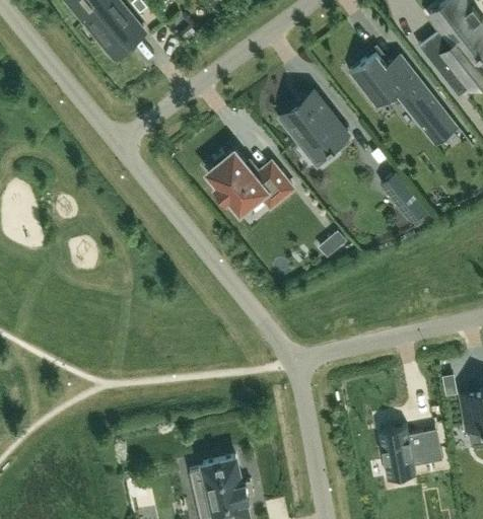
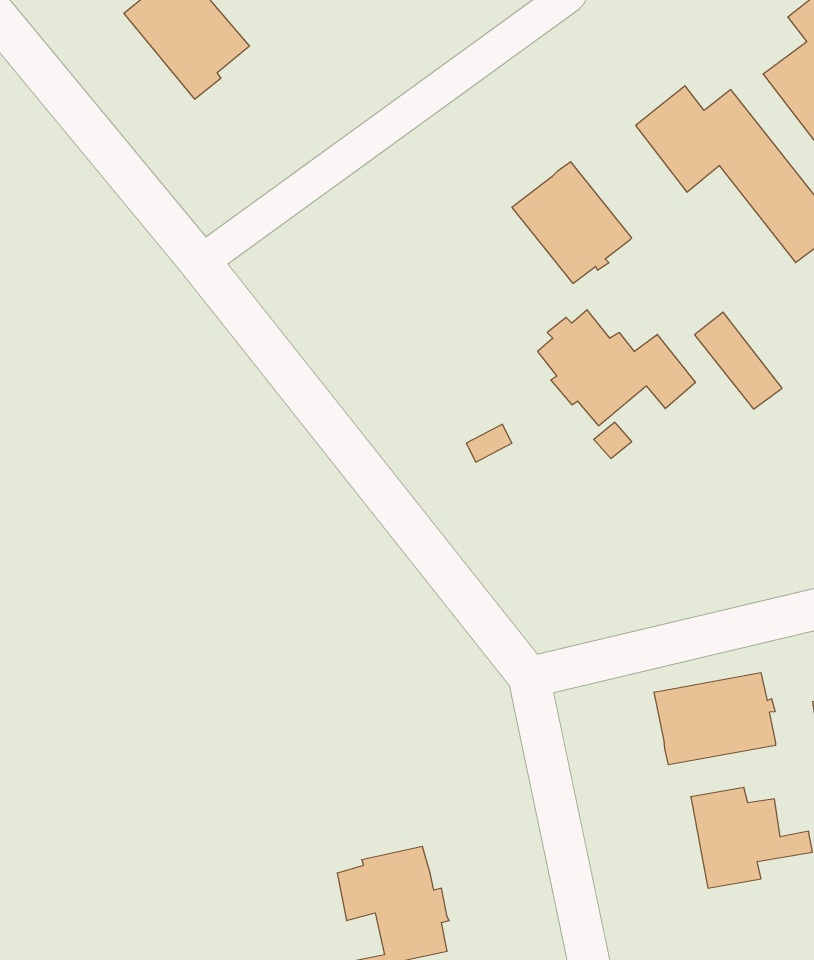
building: [208,149,292,211] -> [538,310,696,426]
building: none -> [654,673,776,765]

